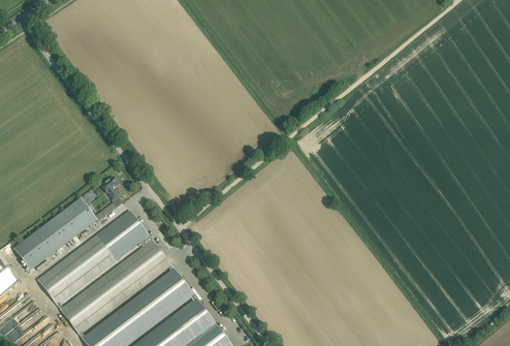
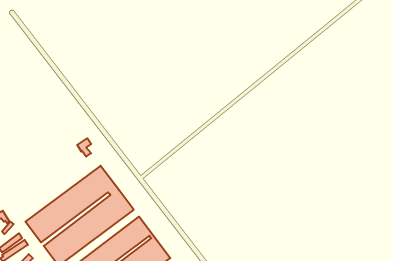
building: [13,198,96,269] -> none

